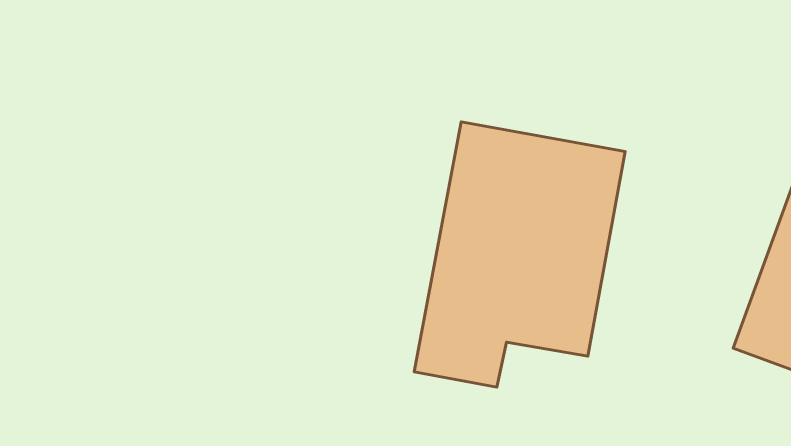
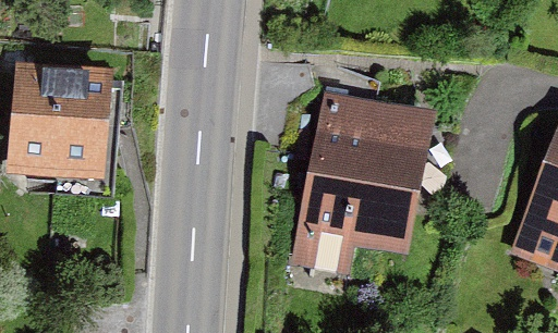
building: none -> [8,62,114,178]

